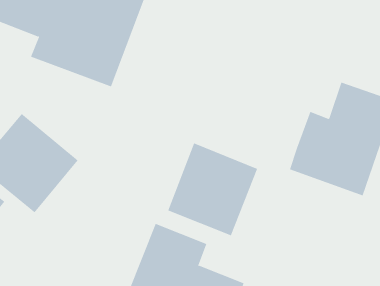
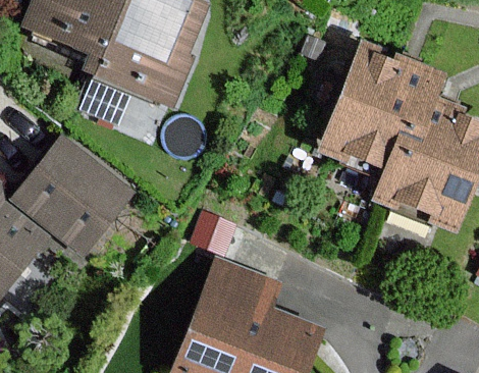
building: none -> [318,46,439,176]
building: [167,142,258,236] -> none

